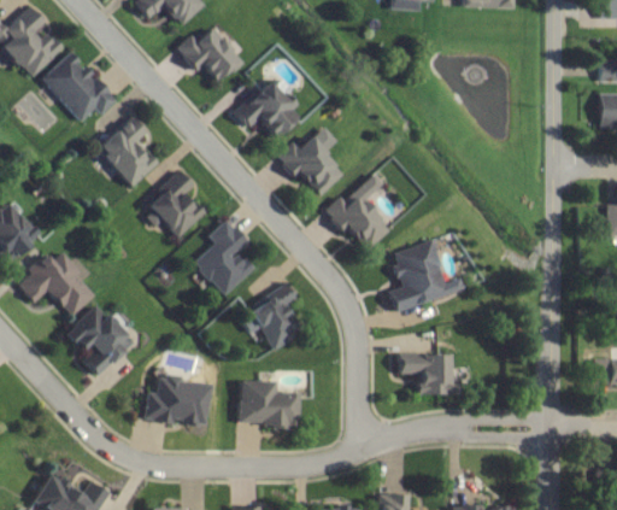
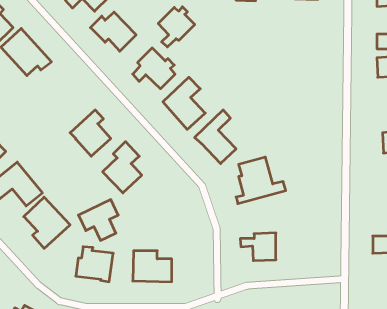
building: none -> [158,7,195,47]
building: [93,113,155,187] -> none
building: [239,288,298,348] -> [78,200,118,240]

